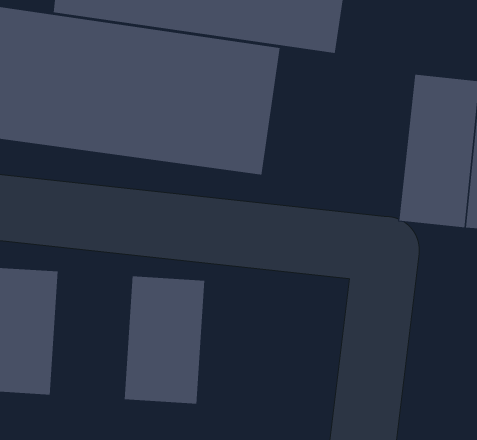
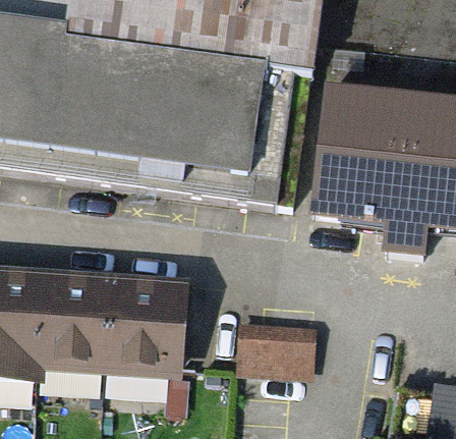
building: none -> [308,88,382,224]
building: none -> [58,269,130,383]
building: none -> [240,316,320,371]

